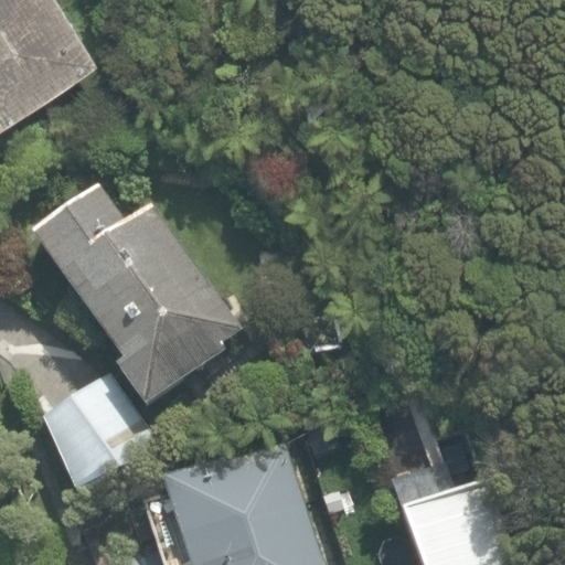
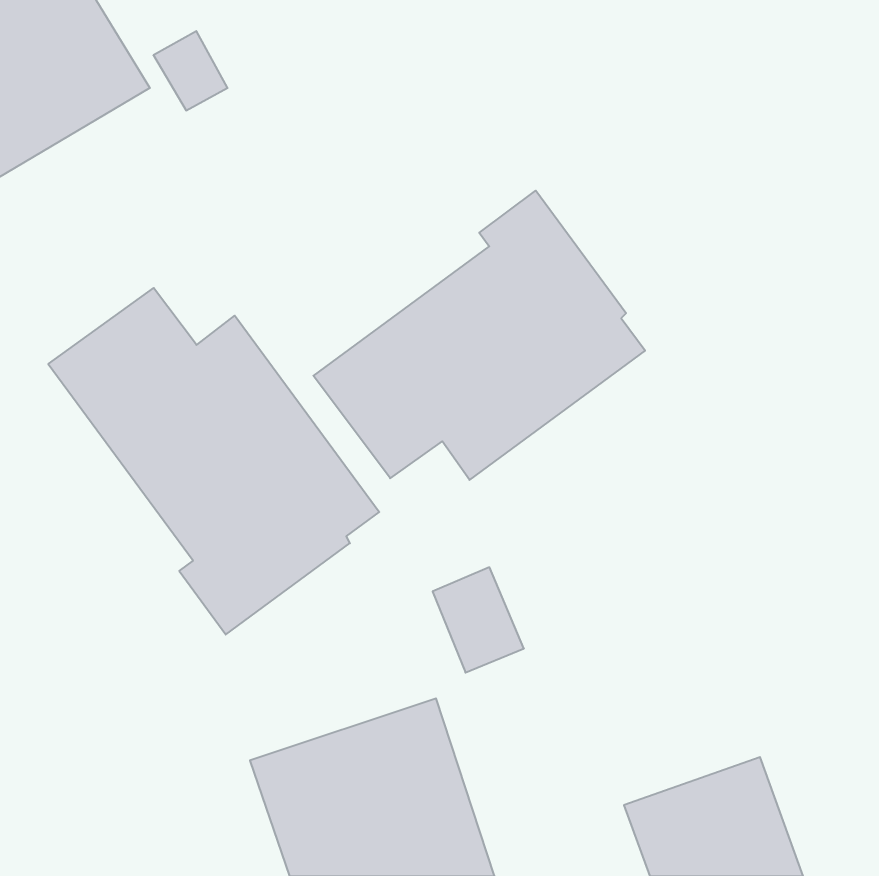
building: none -> [313,191,645,480]
building: [45,371,166,489] -> none

